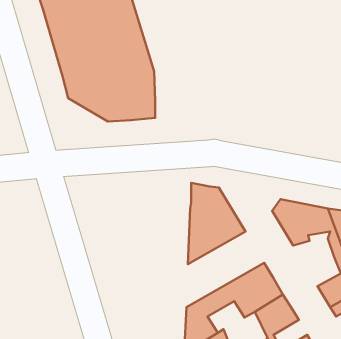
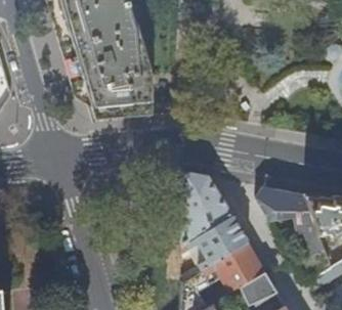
building: none -> [180,215,249,281]

